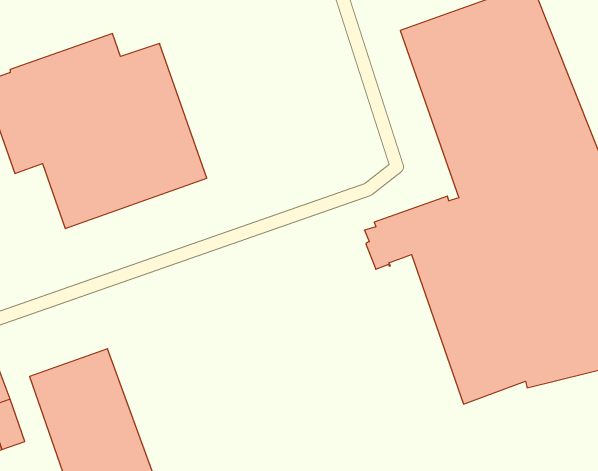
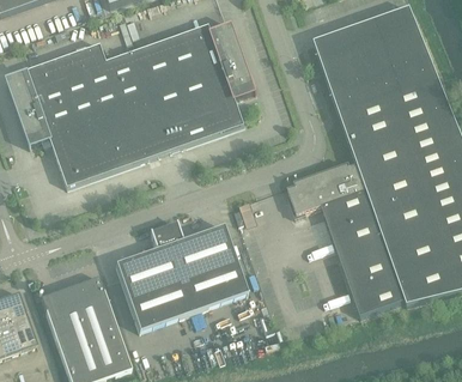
building: none -> [135,24,256,150]
building: none -> [114,224,247,331]

